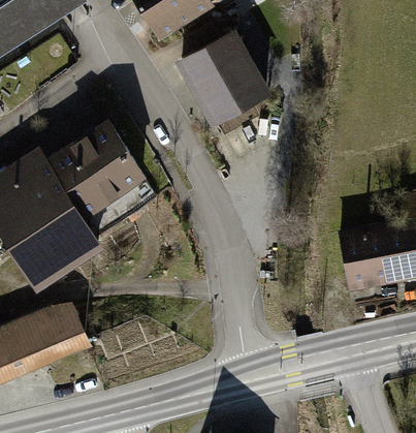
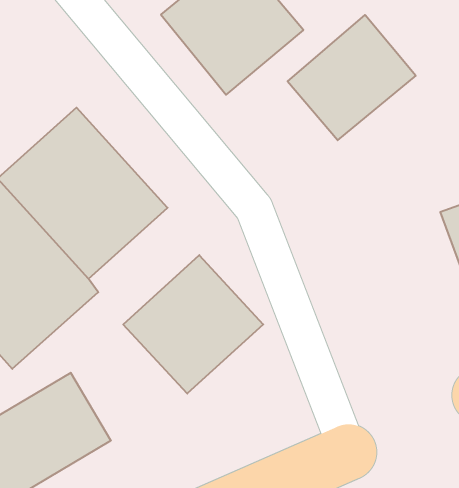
building: none -> [288,15,416,140]
building: none -> [123,255,263,394]

